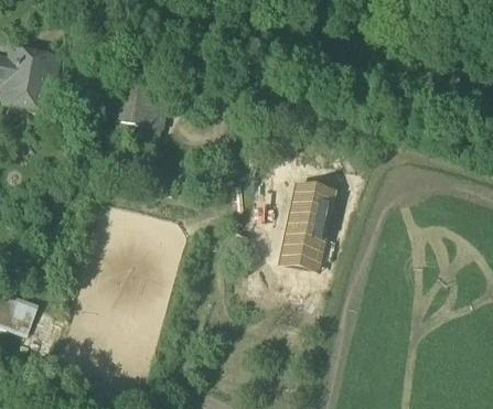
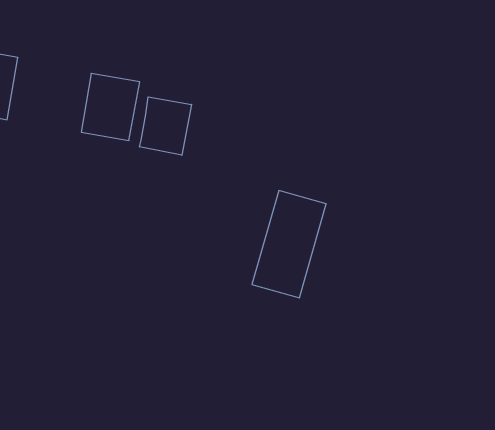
building: none -> [140,97,192,155]

